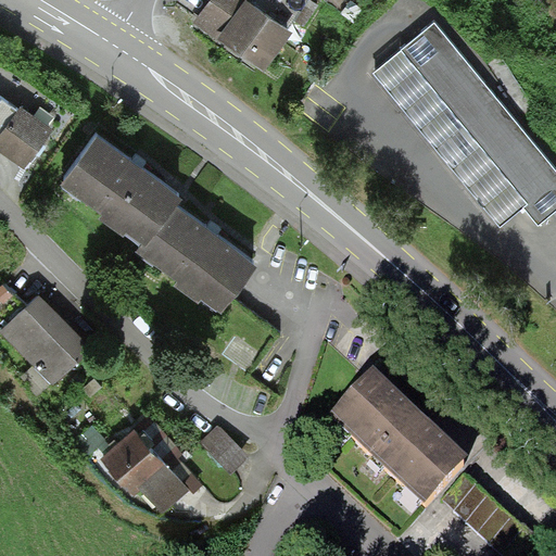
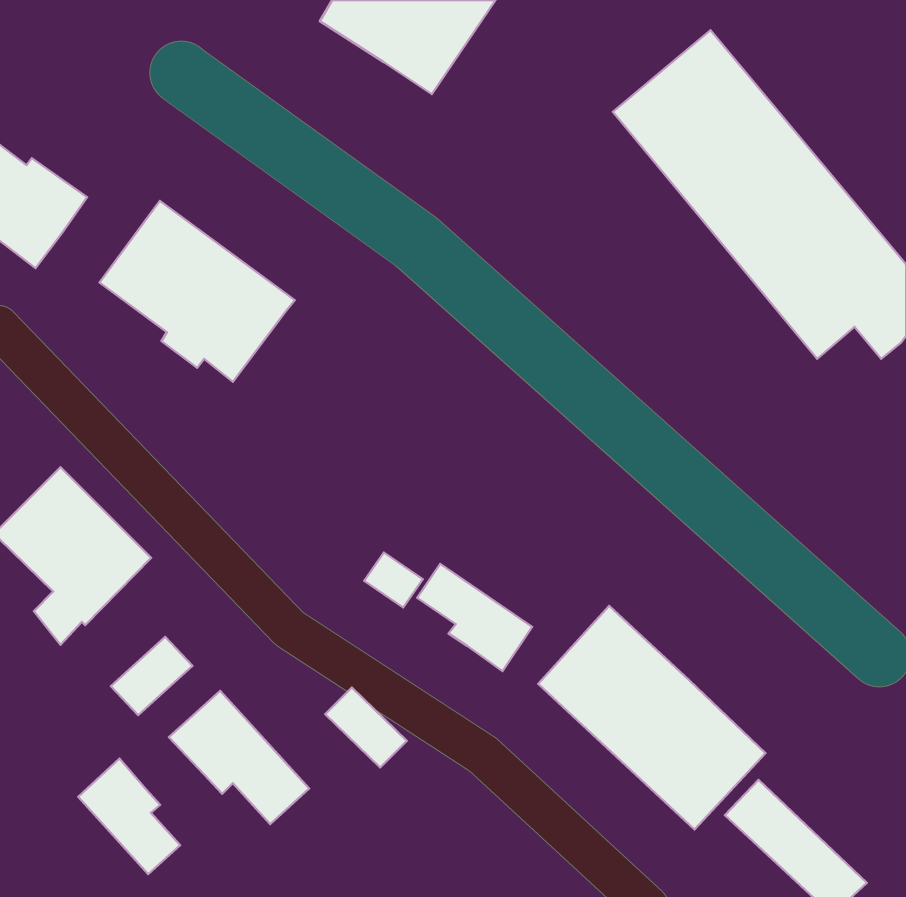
building: [137,197,253,305] -> none
building: none -> [417,564,532,671]
building: none -> [111,637,192,715]
building: none -> [78,759,180,874]

